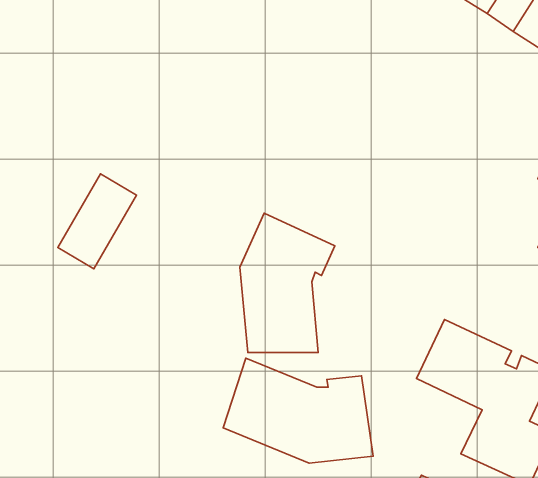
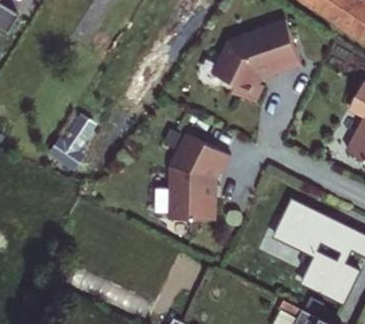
building: none -> [212,20,300,104]
building: [223,358,373,463] -> none

